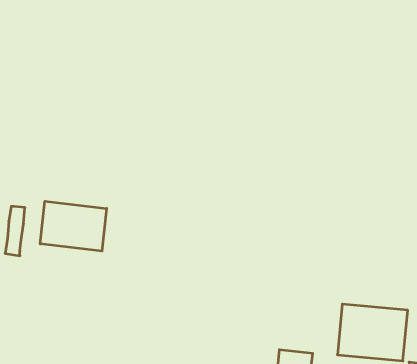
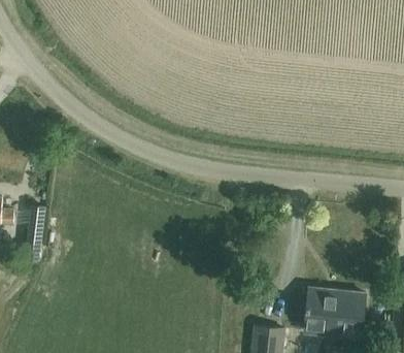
building: [40,201,107,251] -> none

